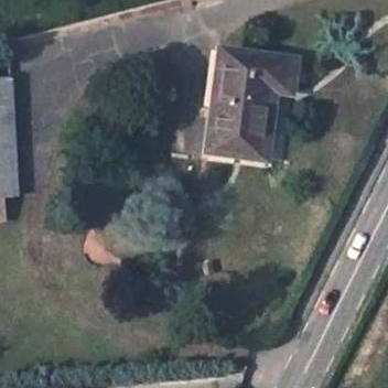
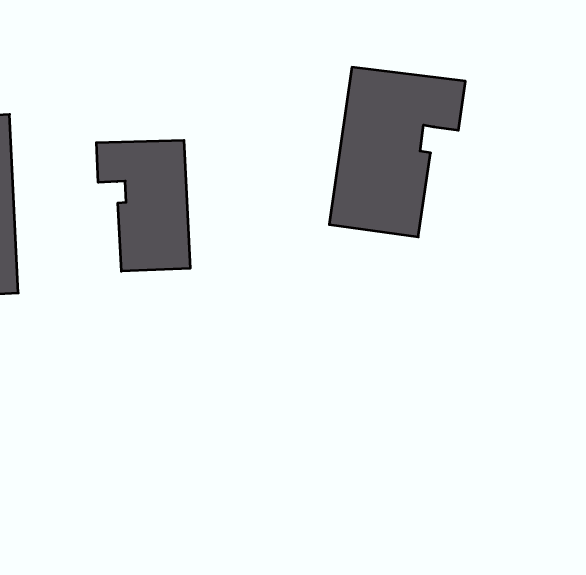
building: none -> [96,140,190,271]

